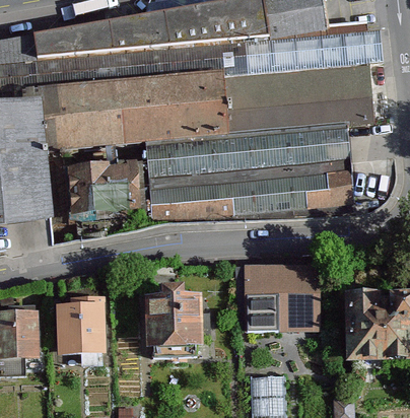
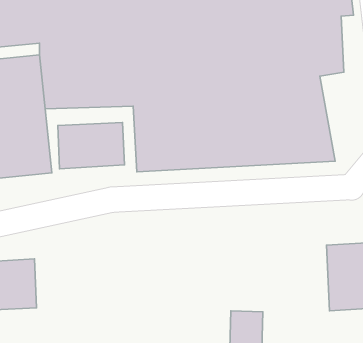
building: [244,266,317,352] -> none
building: [146,295,213,352] -> none
building: [57,307,110,362] -> none

